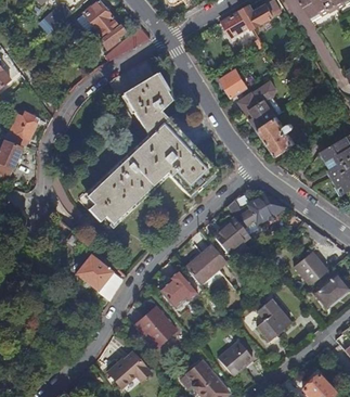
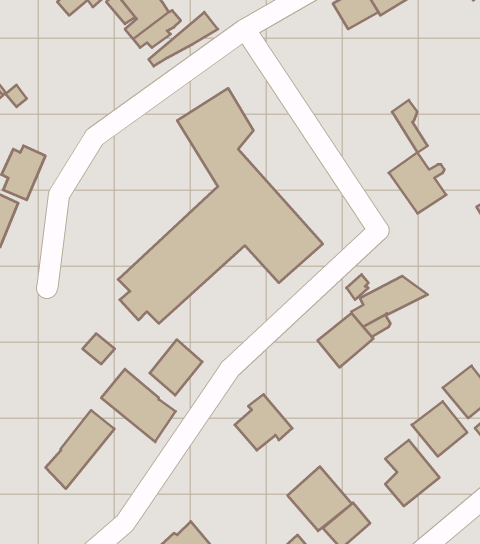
building: [222,67,249,97] -> none
building: [241,89,277,128] -> none
building: none -> [150,340,202,395]
building: [185,244,226,284] -> none
building: none -> [412,401,467,456]
building: none -> [46,410,114,489]
building: [135,307,177,348] -> [288,467,352,531]

